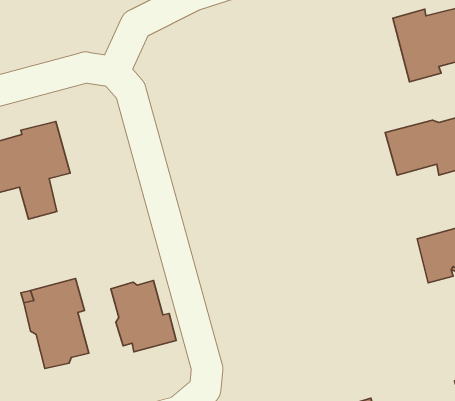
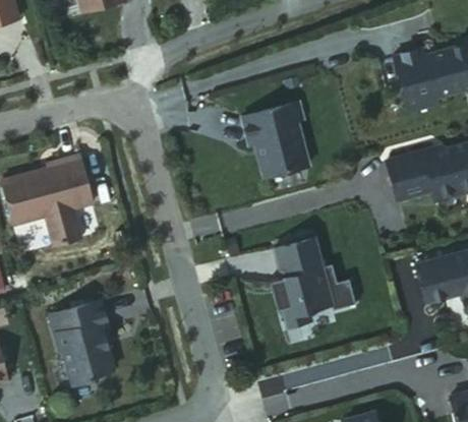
building: none -> [242,103,308,177]
building: none -> [269,237,356,326]
building: [111,280,176,352] -> none

